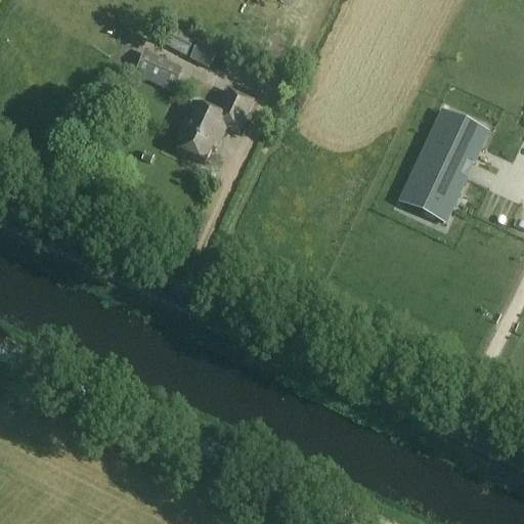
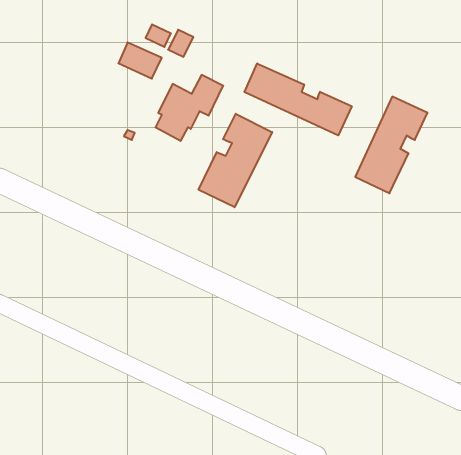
building: none -> [244,63,352,135]
building: none -> [199,114,272,207]

